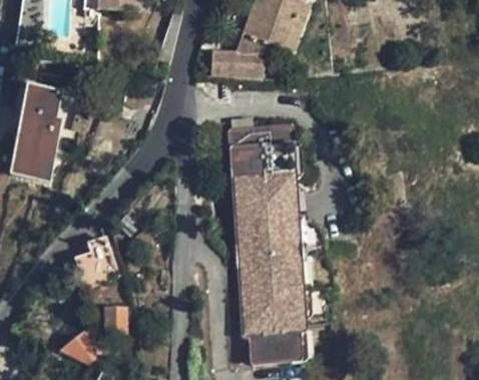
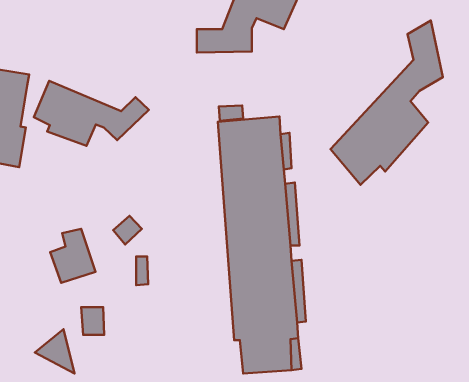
building: none -> [330,21,443,185]
building: none -> [34,81,149,146]

